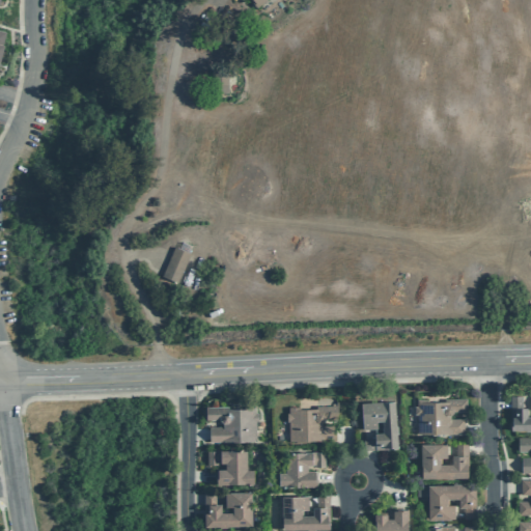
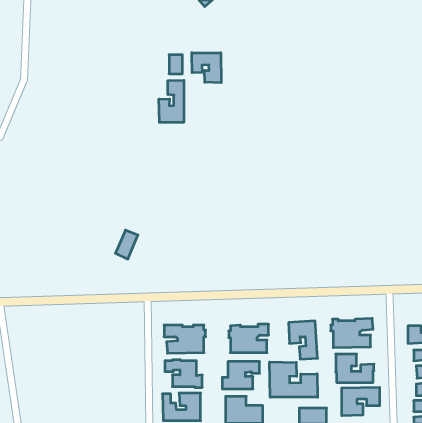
building: none -> [192,53,221,83]
building: none -> [159,80,184,122]
building: [164,248,192,284] -> [115,230,138,259]
building: none -> [270,362,318,397]

